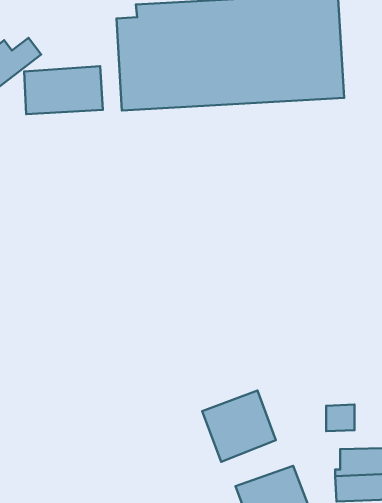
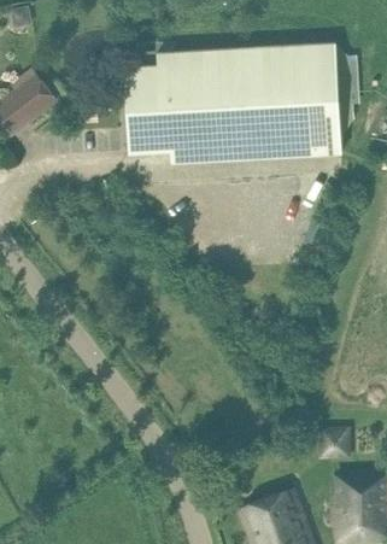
building: [24,66,103,114] -> none
building: [202,391,276,462] -> none

